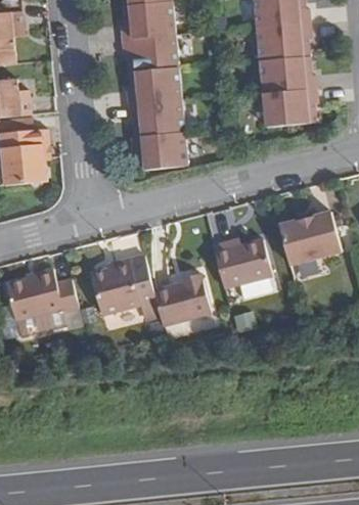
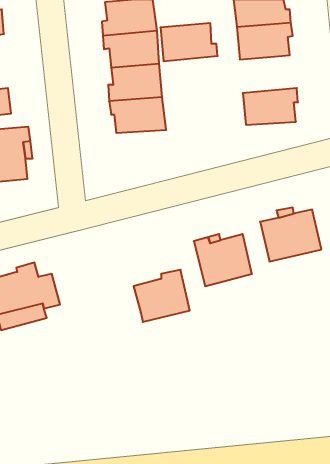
building: [259,57,316,95] -> [160,23,218,61]
building: [131,132,188,167] -> none
building: [92,255,160,319] -> none

